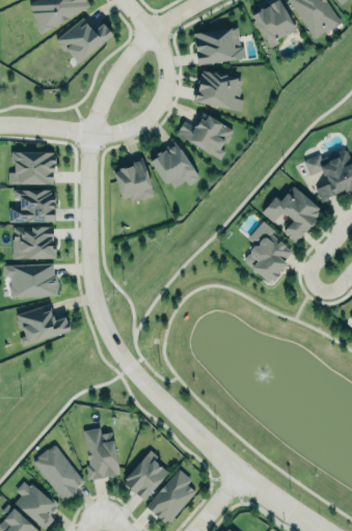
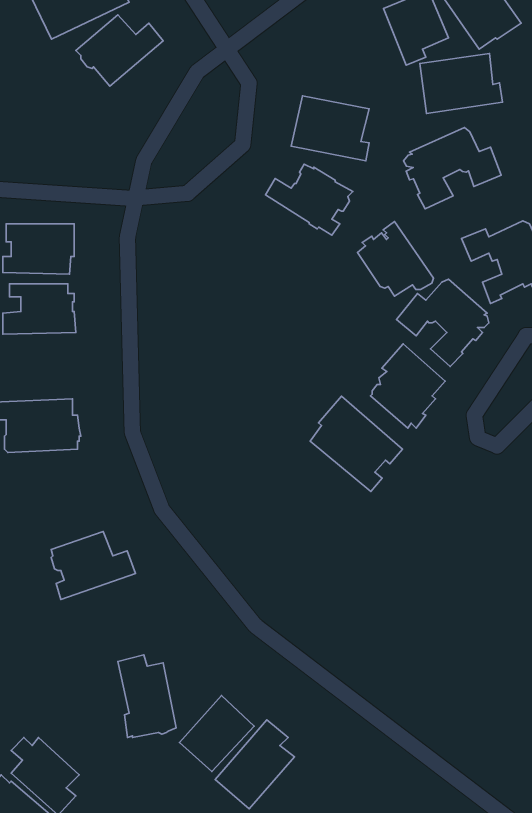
building: [193,27,246,65] -> [420,54,503,114]
building: none -> [404,128,501,209]
building: [151,141,199,189] -> [357,222,433,296]
building: [111,156,157,204] -> none
building: [12,227,55,260] -> none
building: none -> [310,396,402,492]
building: [17,304,71,347] -> [51,532,135,600]
building: [34,446,84,501] -> none

